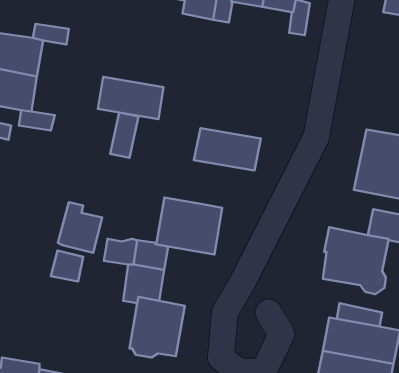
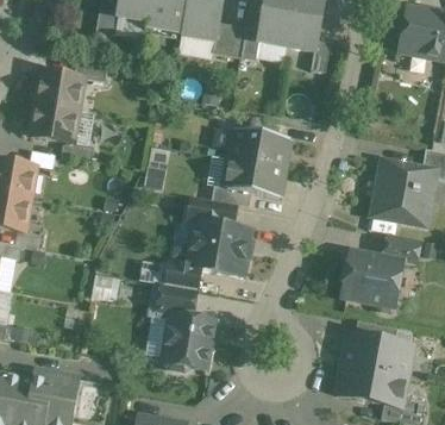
building: [98,77,164,119] -> [228,127,289,167]
building: none -> [188,196,234,227]
building: [58,202,102,253] -> none

